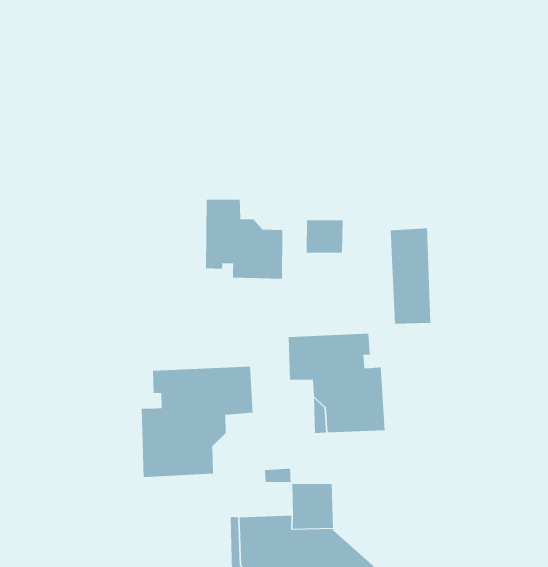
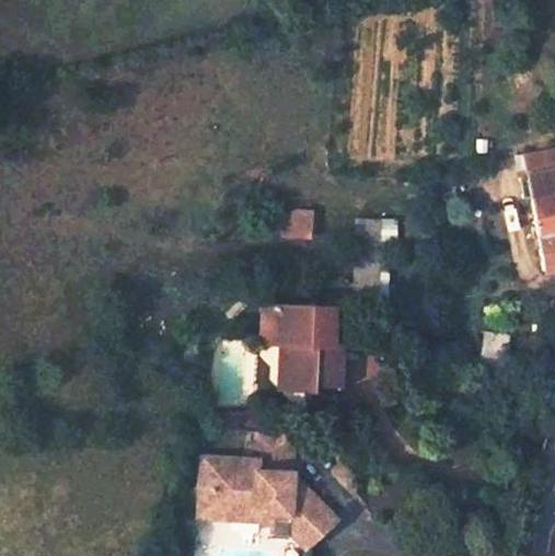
building: [206,199,283,280] -> none
building: [141,366,253,478] -> none

